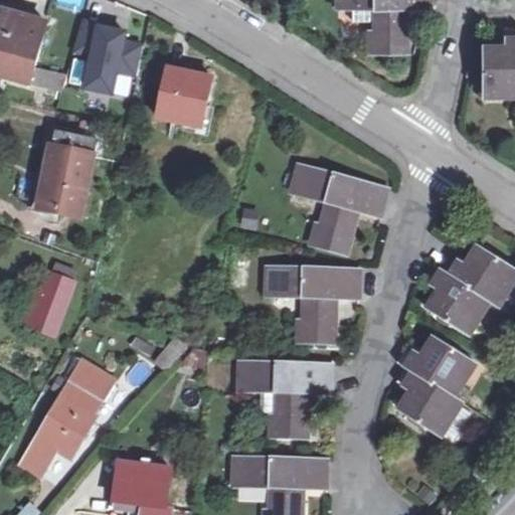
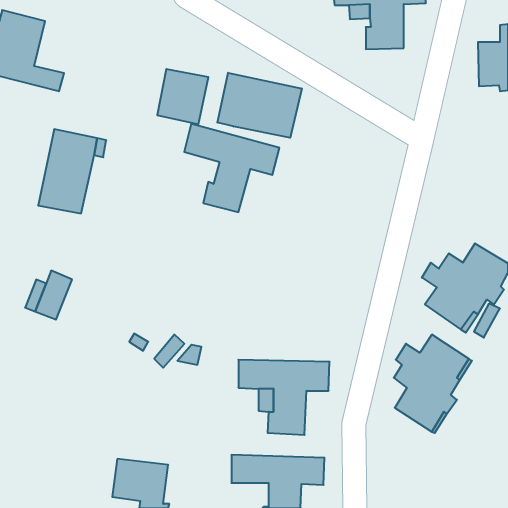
building: [73,20,143,94] -> none
building: none -> [217,73,302,138]
building: [291,164,386,252] -> [184,124,279,212]
building: [266,266,357,341] -> none
building: [21,359,115,474] -> none

